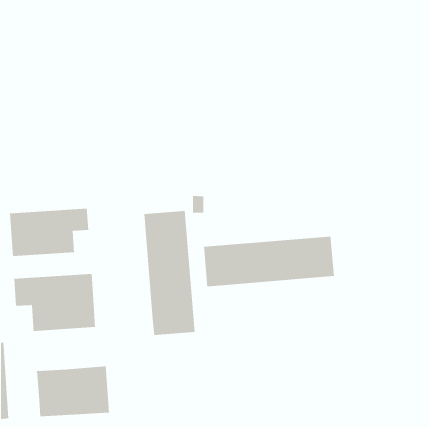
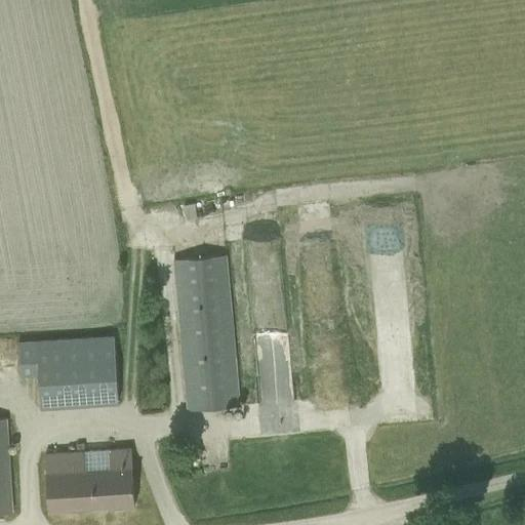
building: [9,208,89,257] -> none
building: [203,236,334,287] -> none

